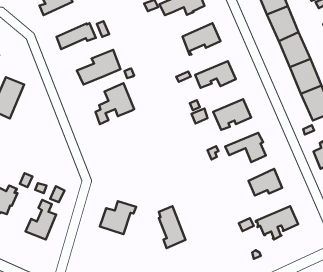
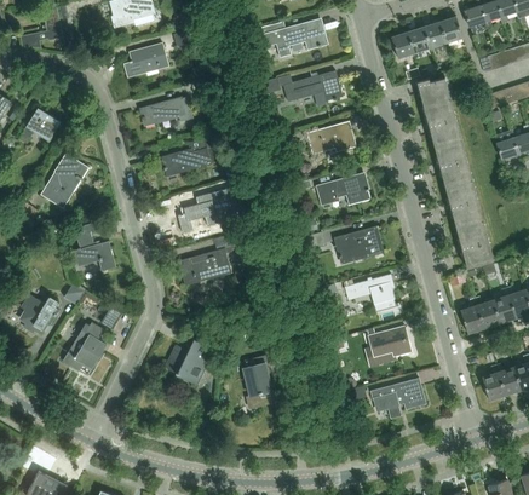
building: none -> [178,231,246,286]
building: none -> [74,221,116,270]

